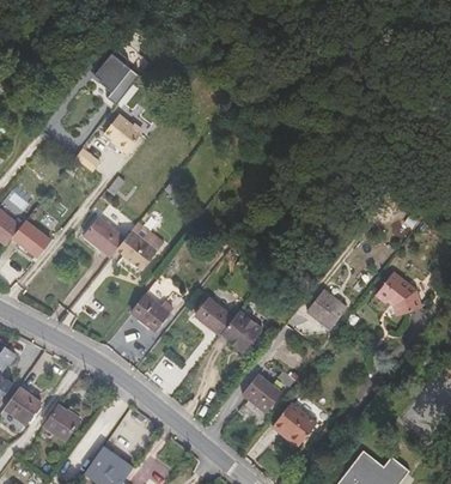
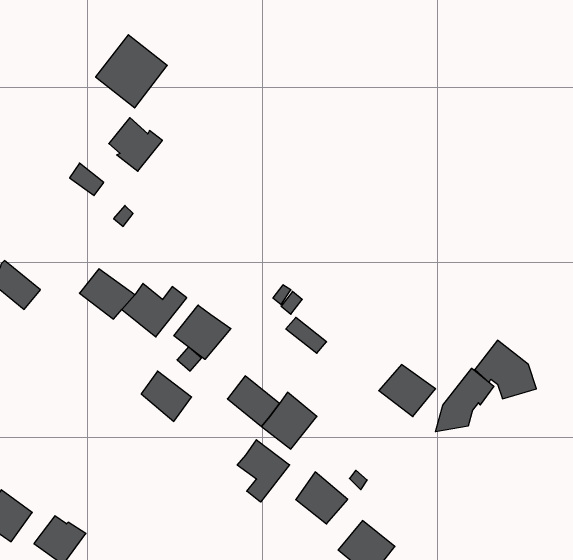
building: none -> [174,305,231,359]
building: none -> [435,368,494,432]
building: none -> [237,440,290,502]

